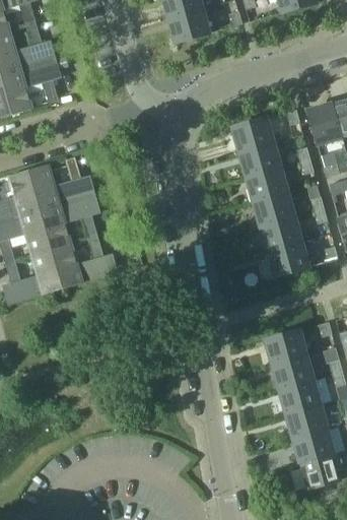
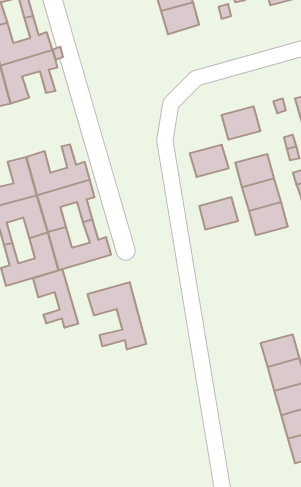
building: [239,143,280,177] -> [190,145,229,177]
building: [268,243,308,276] -> [199,197,238,229]
building: none -> [33,269,78,328]
building: none -> [88,282,146,350]
building: [267,330,306,365] -> none

